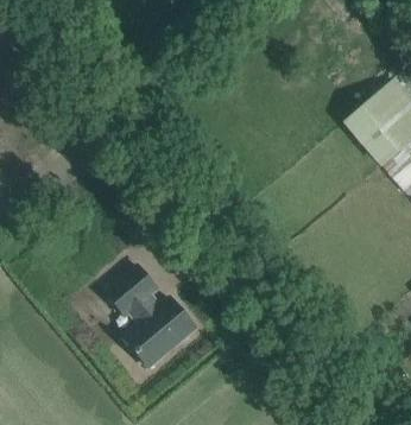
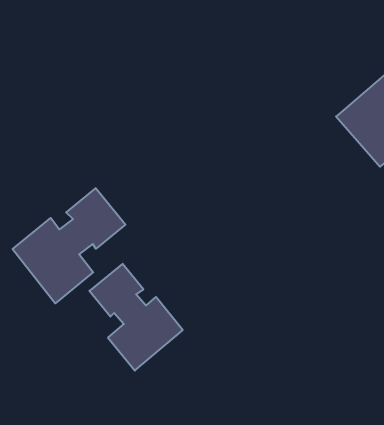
building: none -> [13,188,125,303]

